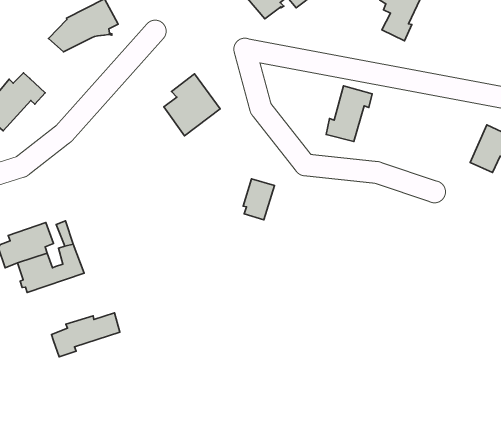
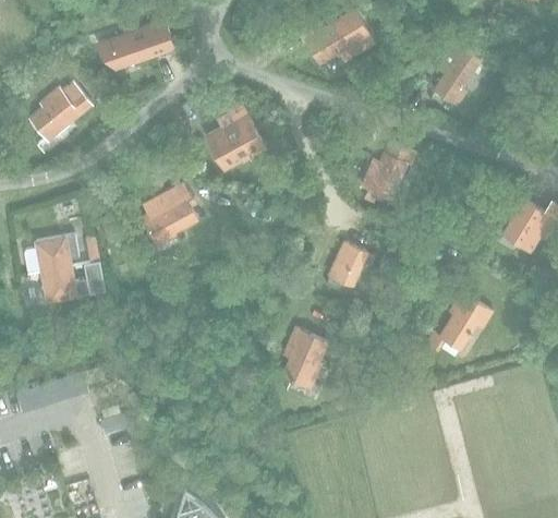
building: none -> [143,183,196,244]
building: [243,179,274,220] -> [332,243,366,286]
building: none -> [440,293,492,349]
building: none -> [283,328,326,388]
building: [51,313,120,357] -> none

